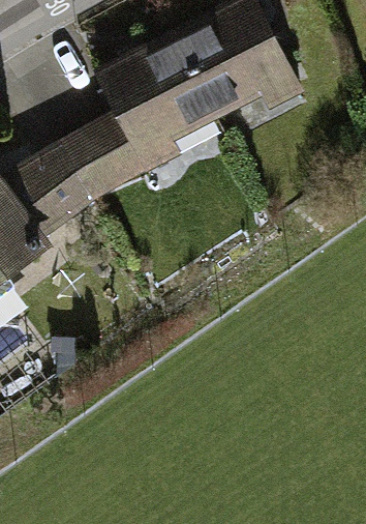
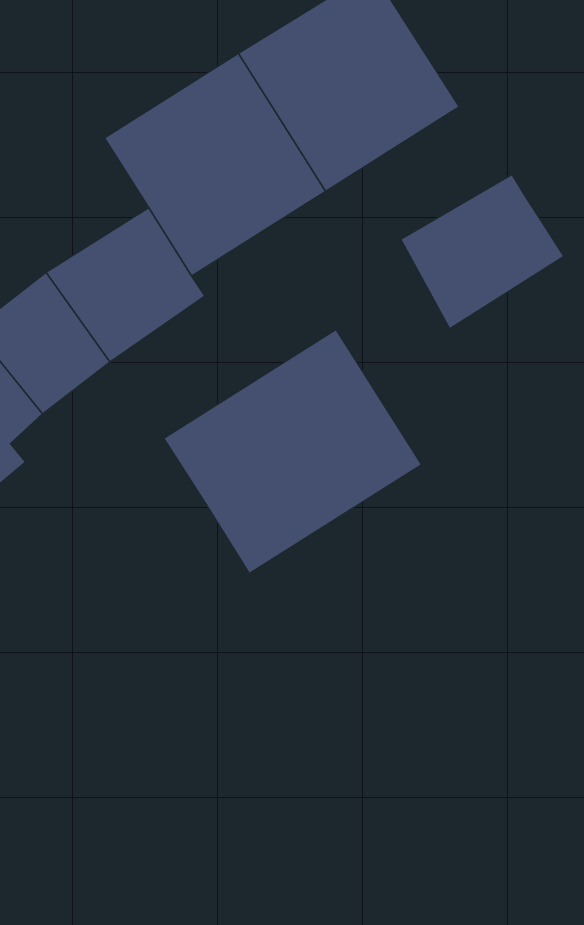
building: none -> [401,174,564,329]
building: none -> [164,329,421,574]

